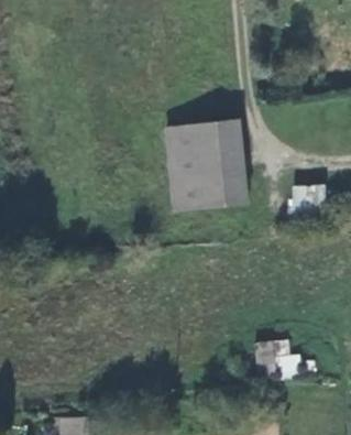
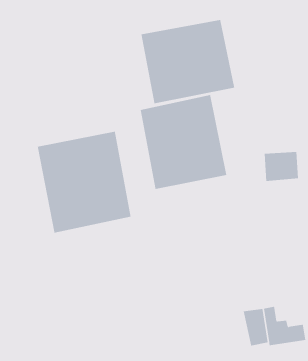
building: none -> [141,19,235,104]
building: none -> [37,131,131,233]

